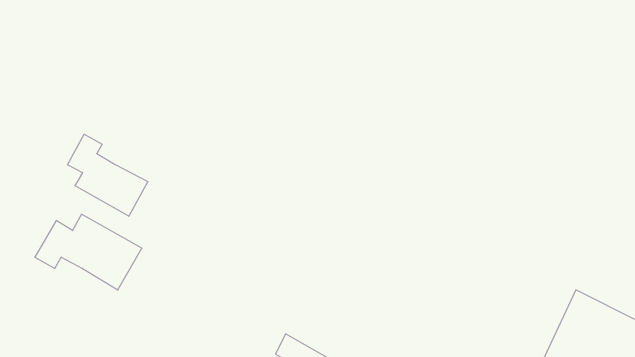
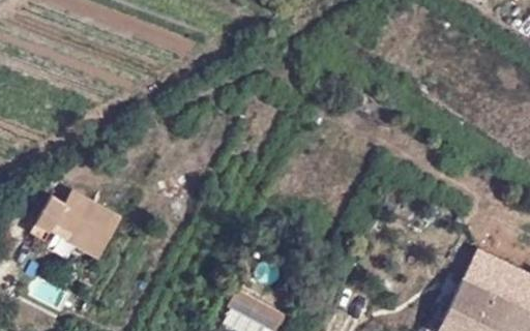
building: [68,134,148,216] -> none

